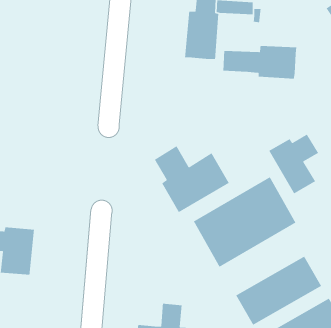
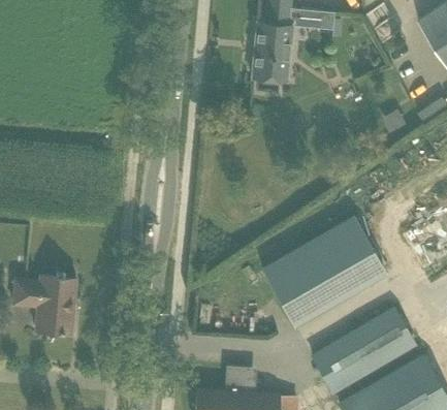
building: [222,45,297,80] -> none
building: [268,134,319,194] -> none
building: [154,145,230,213] -> none

